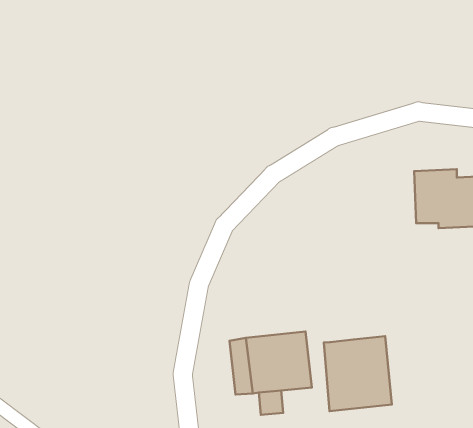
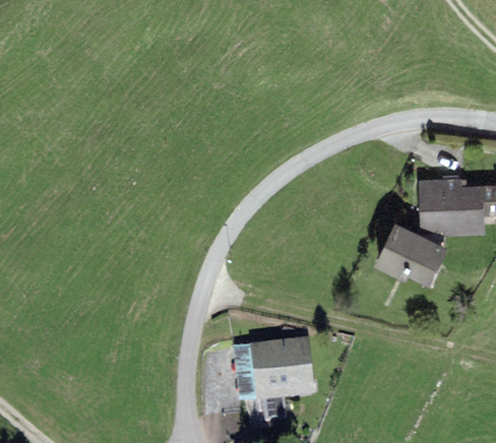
building: none -> [372,217,447,278]
building: [324,336,392,411] -> none

